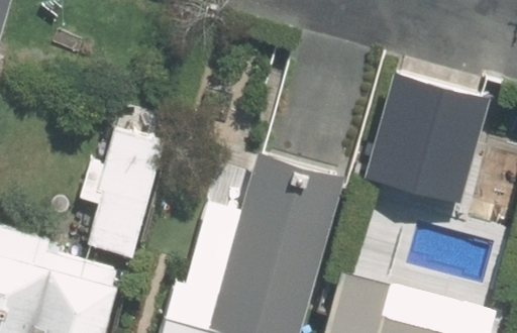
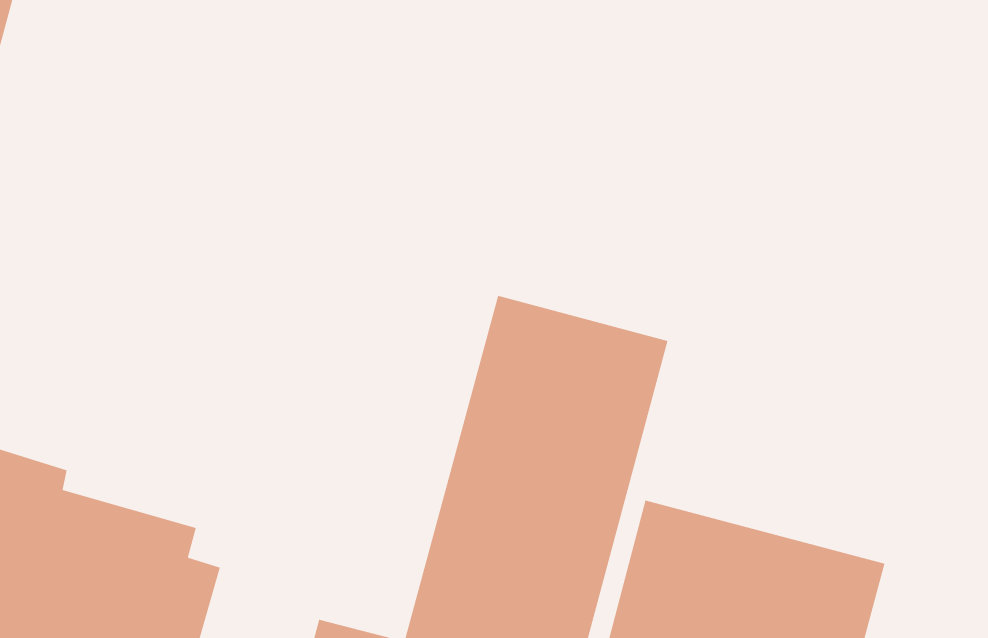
building: [377,76,492,197] -> none
building: [71,124,158,256] -> none

